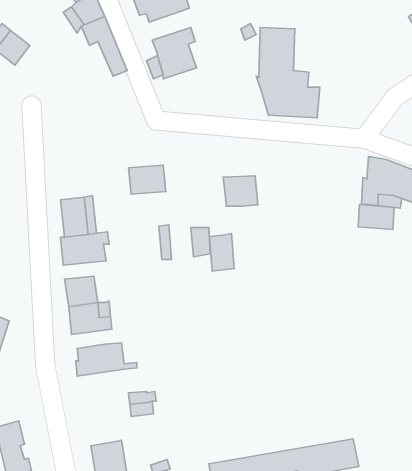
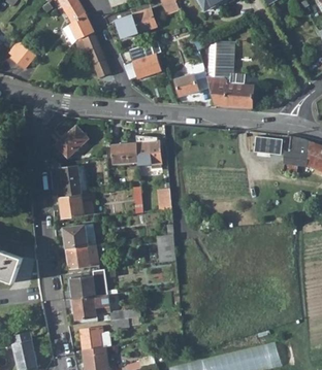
building: none -> [173,63,210,96]
building: none -> [55,125,89,158]
building: [223,176,258,206] -> [136,141,162,164]
building: [358,205,394,230] -> [257,135,284,154]
building: [209,234,234,271] -> [157,234,175,262]
building: none -> [72,294,109,319]
building: none -> [79,327,111,350]

